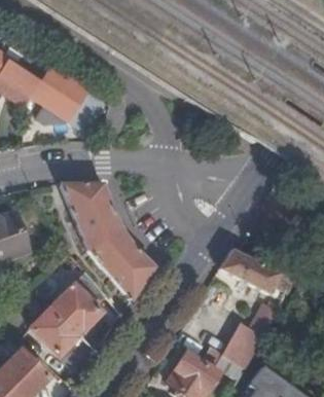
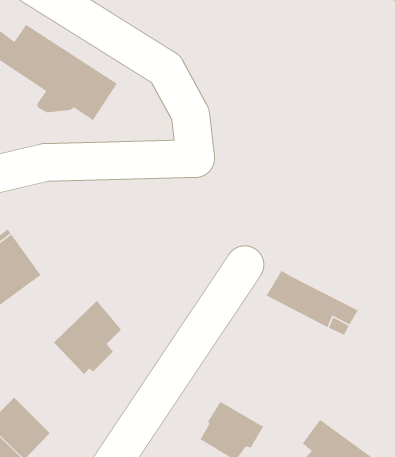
building: [59,183,154,301] -> none
building: [214,304,276,380] -> none
building: [29,305,75,355] -> none

